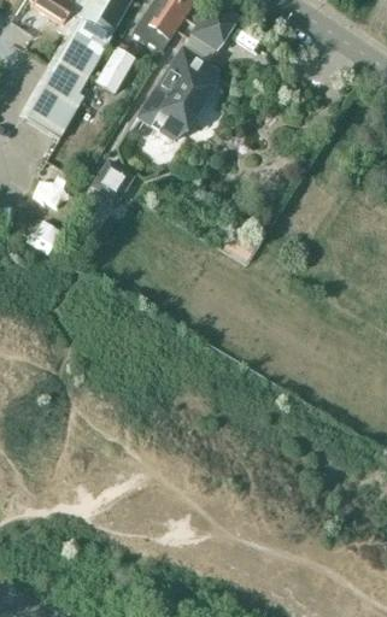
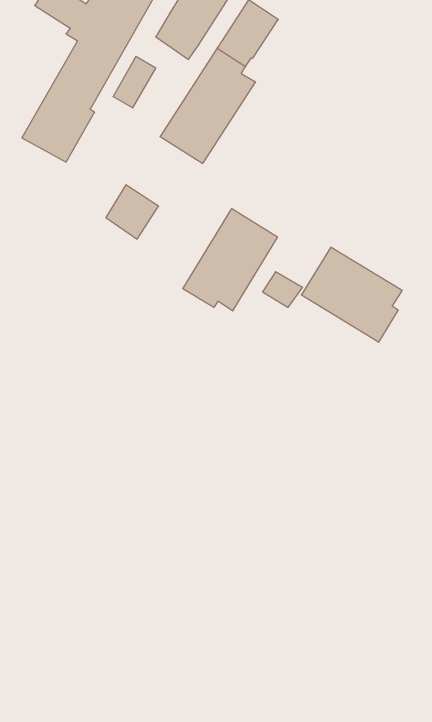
building: none -> [183,209,277,311]
building: none -> [301,247,402,342]

